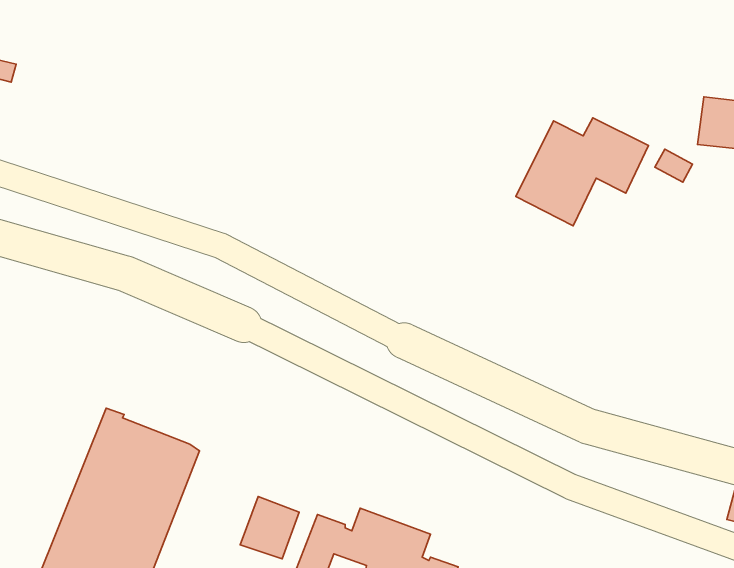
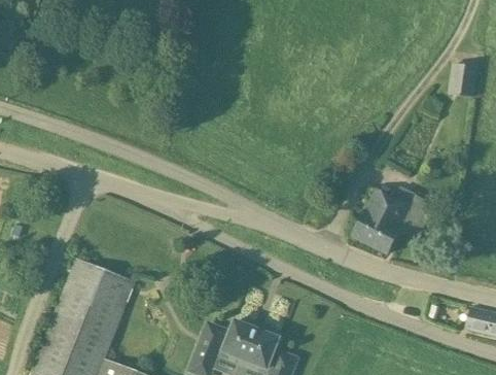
building: [516,118,649,226] -> [352,184,435,252]
building: [240,496,299,559] -> none

